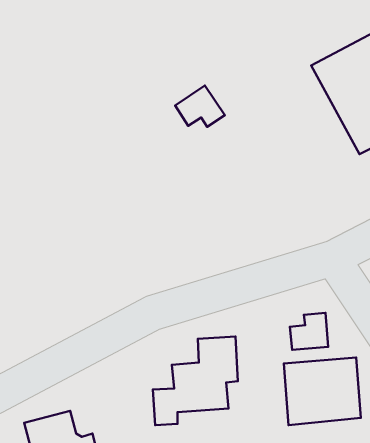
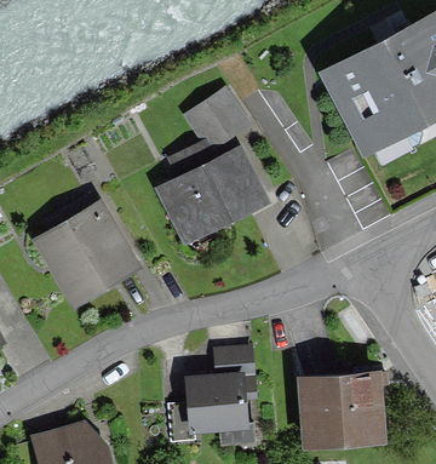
building: none -> [161,145,262,239]
building: none -> [44,196,130,296]
building: [290,313,328,350] -> none

